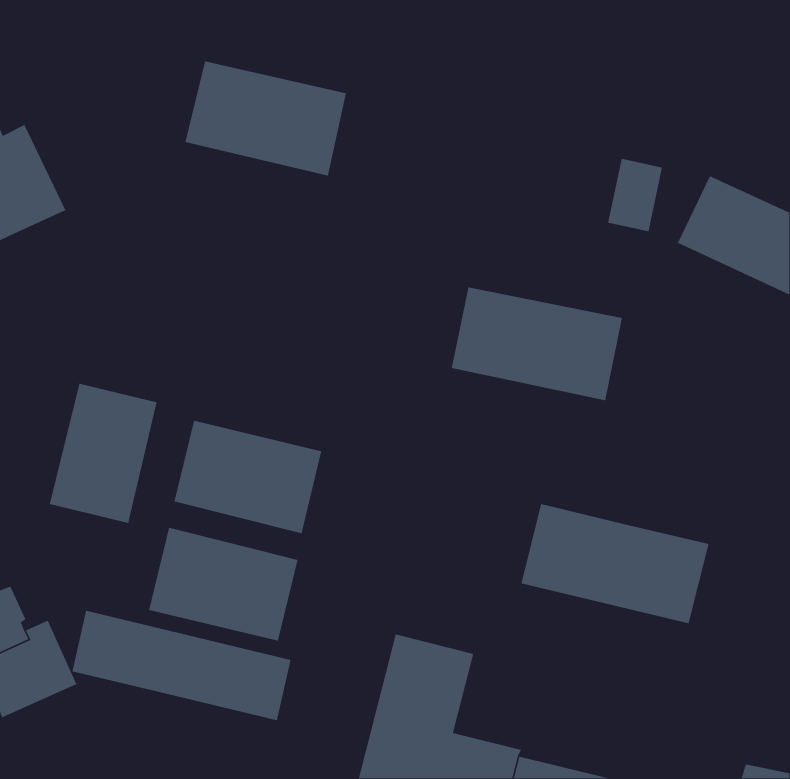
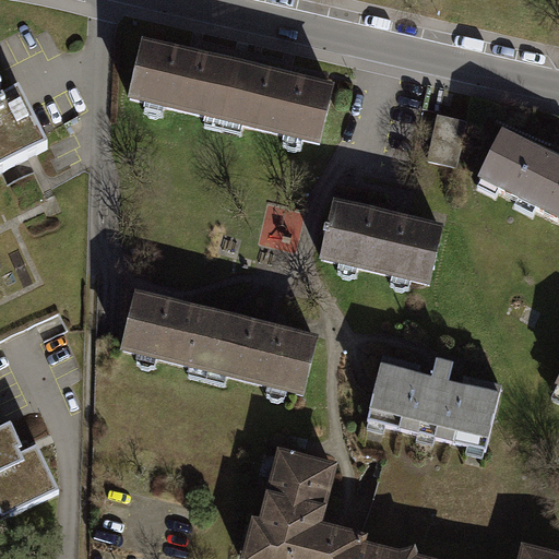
building: none -> [231,66,336,144]
building: [49,383,158,524] -> none
building: [148,527,299,641] -> [213,318,319,399]
building: [72,610,291,721] -> none

